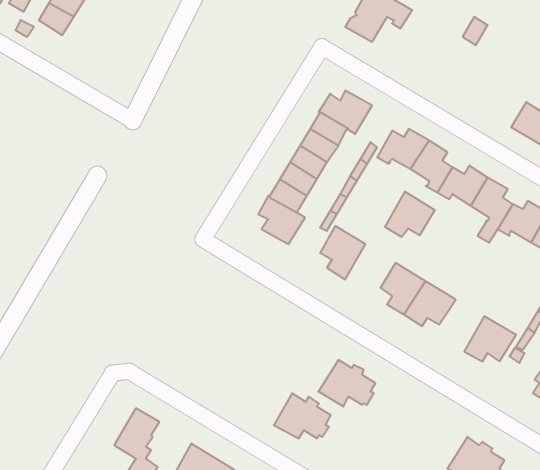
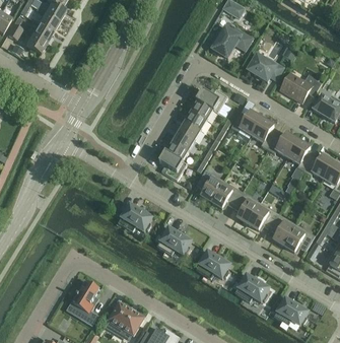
building: none -> [248,54,283,81]
building: none -> [279,72,321,101]
building: [385,192,435,237] -> [211,180,242,207]
building: none -> [118,203,152,230]
building: none -> [268,213,295,245]
building: [274,393,331,438] -> [156,226,191,254]
building: none -> [234,273,269,301]

